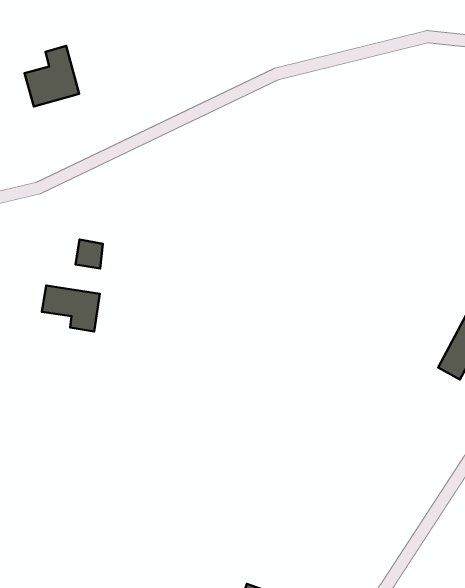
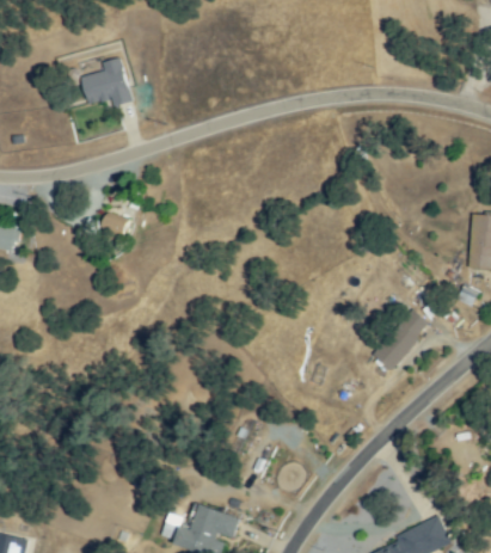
building: [42,286,100,332] -> none

